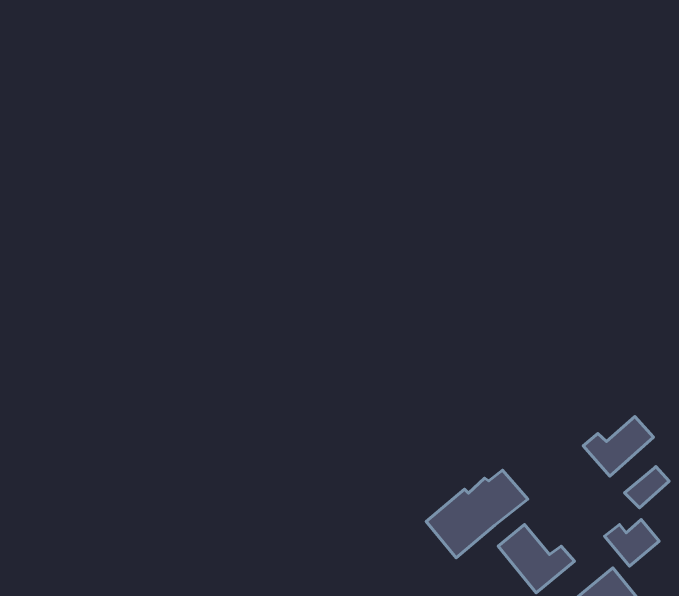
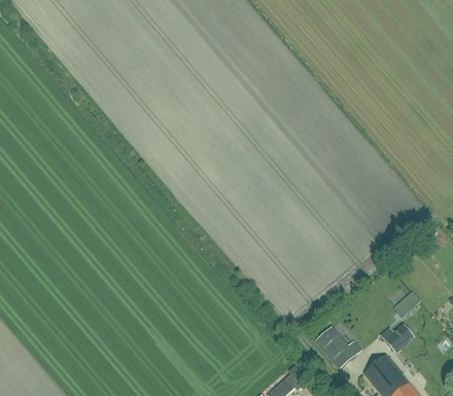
building: [583,417,653,476] -> none
building: [426,470,528,558] -> none

